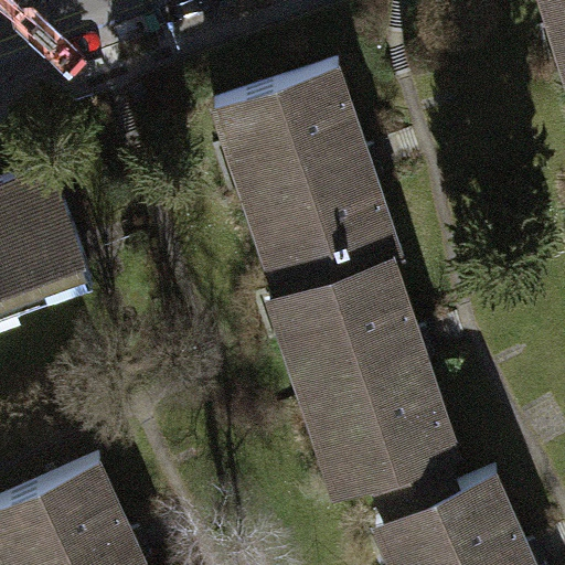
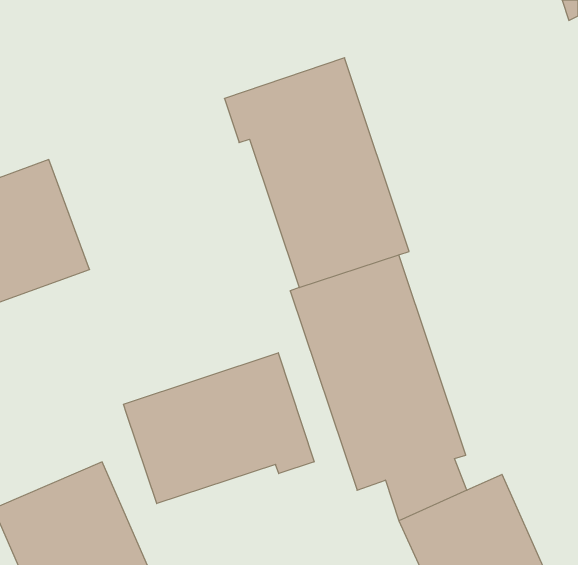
building: none -> [123,353,314,504]

